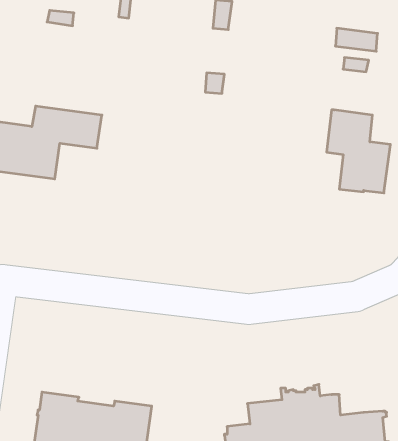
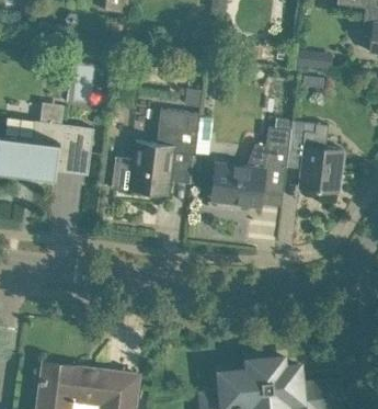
building: none -> [112,110,199,194]
building: none -> [211,120,293,206]

